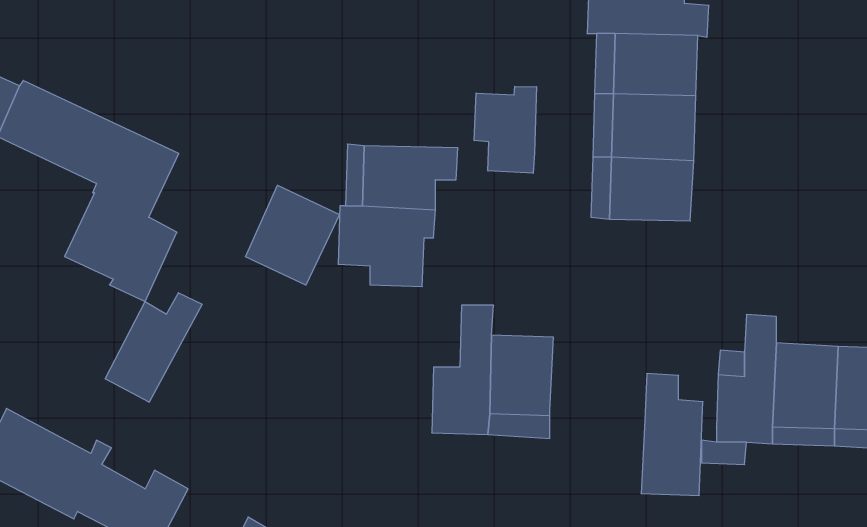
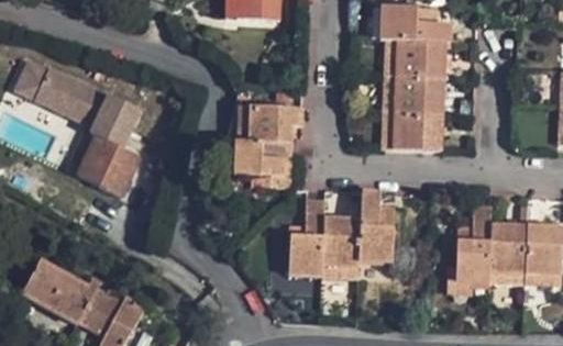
building: [474,86,537,173] -> none
building: [246,185,340,285] -> none
building: [105,293,202,402] -> none
building: [641,374,703,495] -> [358,191,395,263]

